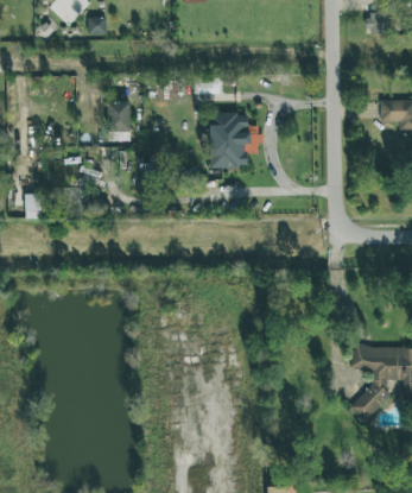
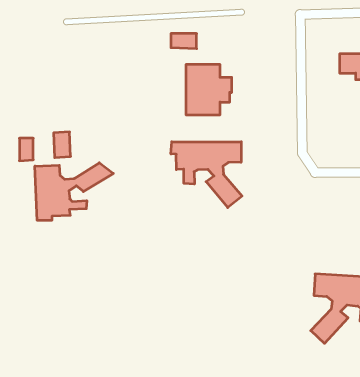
building: [108,101,131,140] -> none
building: none -> [171,142,242,208]
building: none -> [35,163,113,220]

